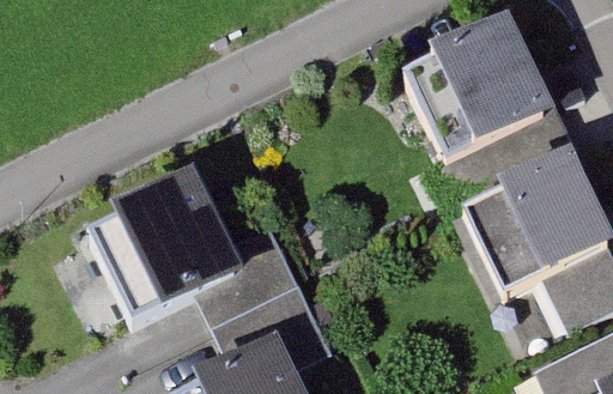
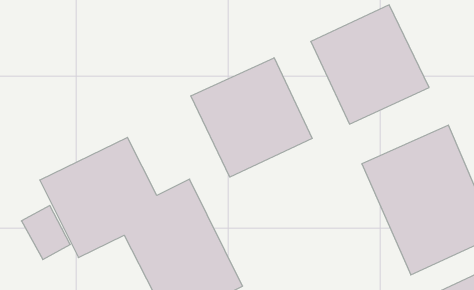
building: none -> [191,58,312,177]

